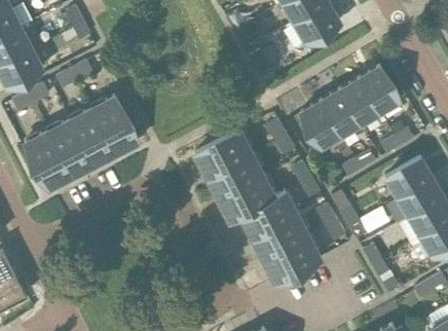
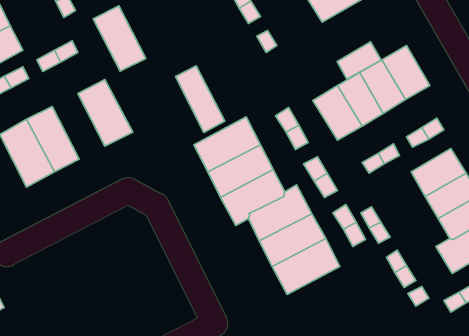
building: none -> [337,42,381,79]
building: none -> [175,66,225,133]
building: [69,108,115,166] -> [93,6,146,71]

